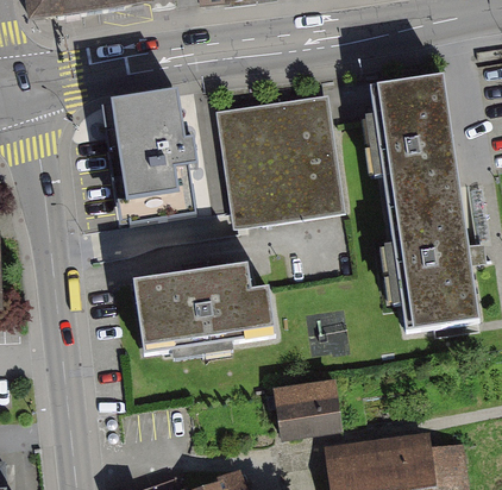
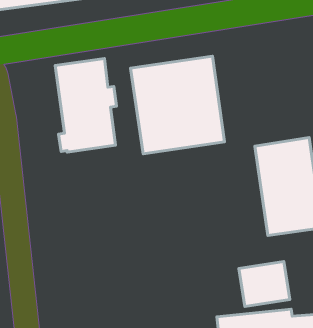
building: [366,76,459,211] -> none
building: [131,266,272,351] -> none
building: [277,378,347,440] -> [239,261,290,307]

